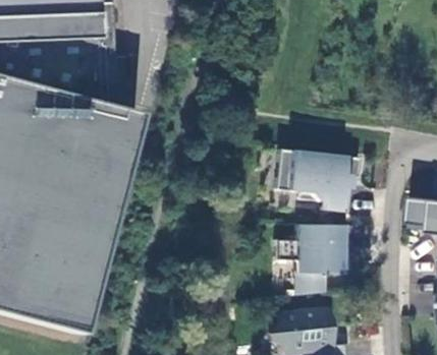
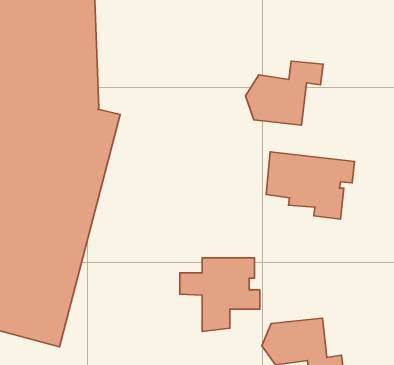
building: none -> [245,61,323,125]
building: [272,225,348,295] -> [180,258,260,331]

